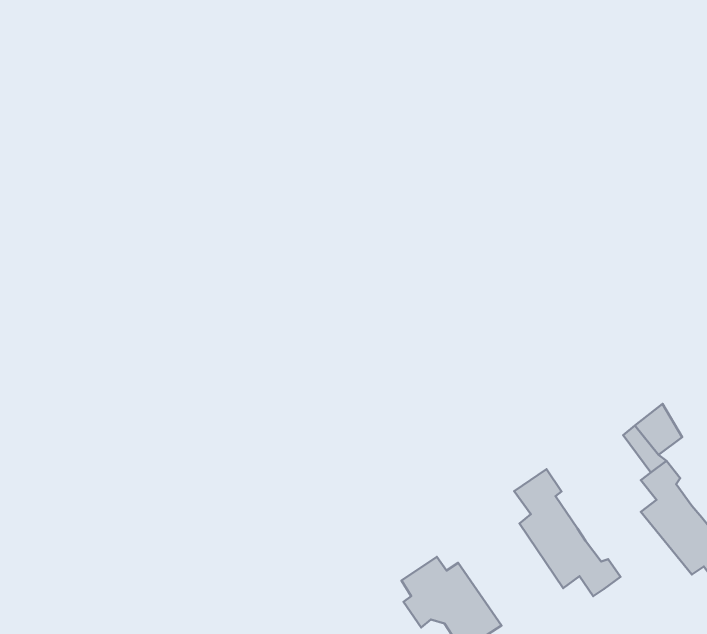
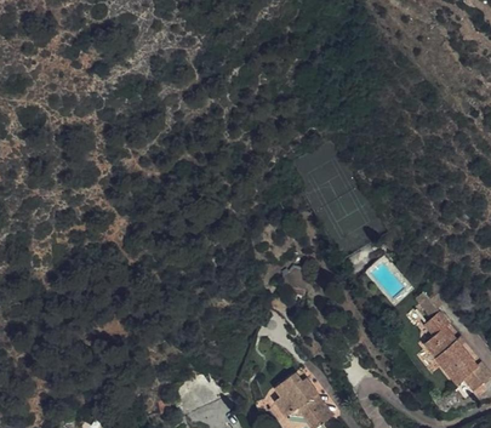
building: [514,469,621,596] -> none

